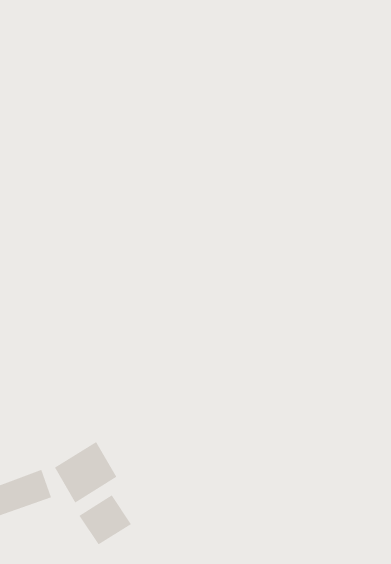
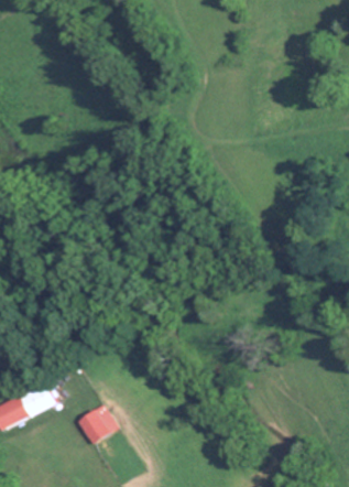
building: [54,441,117,503] -> none

